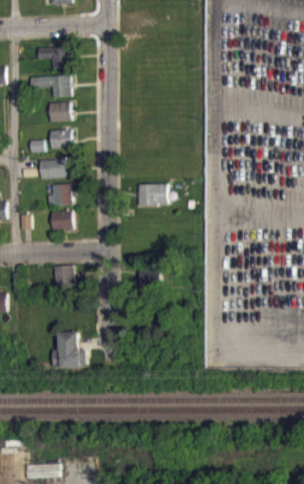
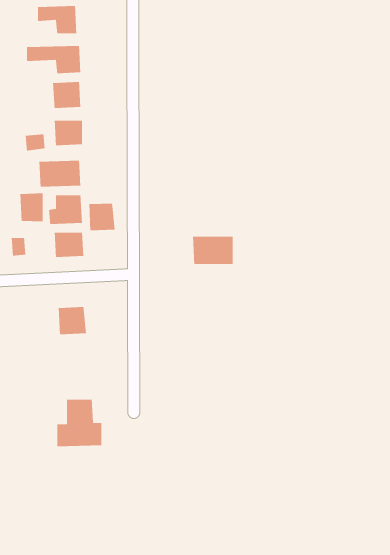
building: none -> [20,192,44,222]
building: [136,183,167,204] -> [192,236,234,265]
building: none -> [88,203,115,231]

